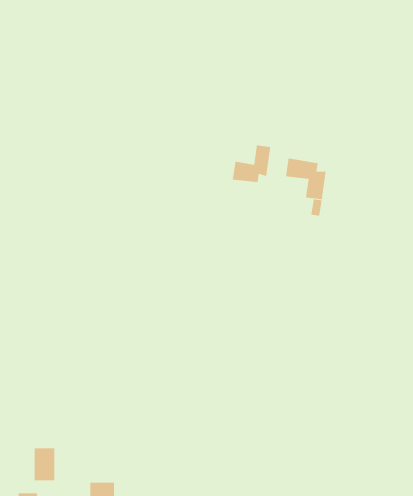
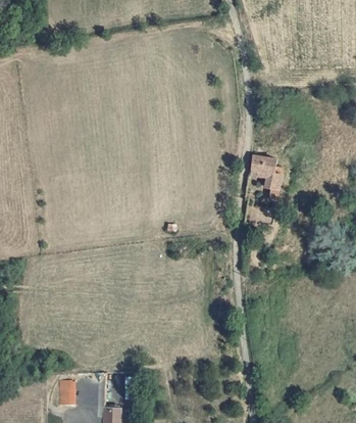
building: [232,145,271,183] -> none

